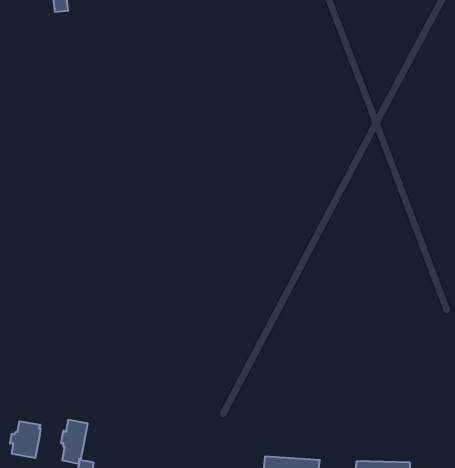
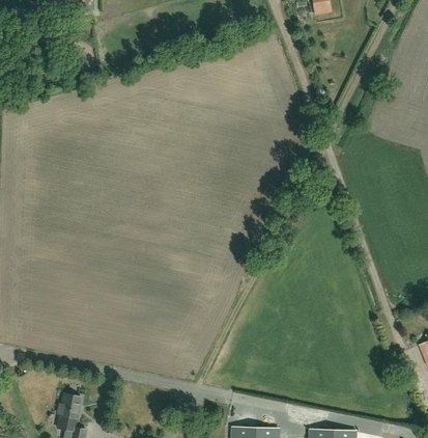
building: [10,421,40,458] -> none

